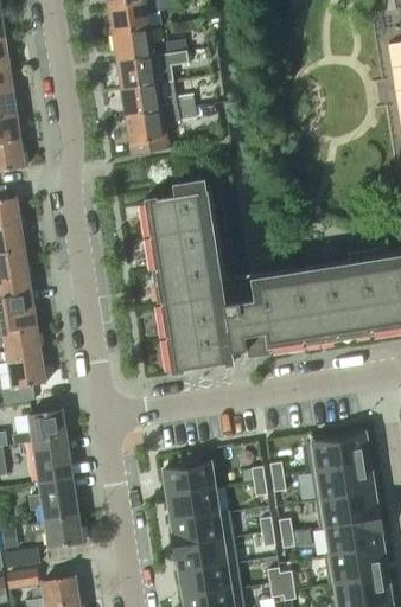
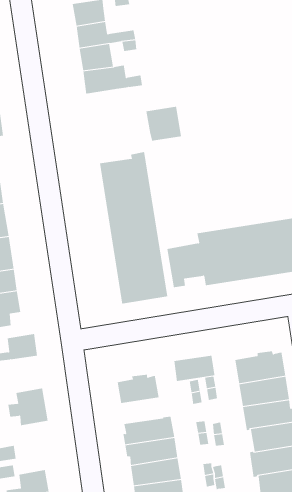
building: [125,110,168,153] -> [146,106,182,141]
building: [33,435,72,480] -> none
building: [167,486,218,518] -> [173,355,215,381]
building: [27,515,83,547] -> none

